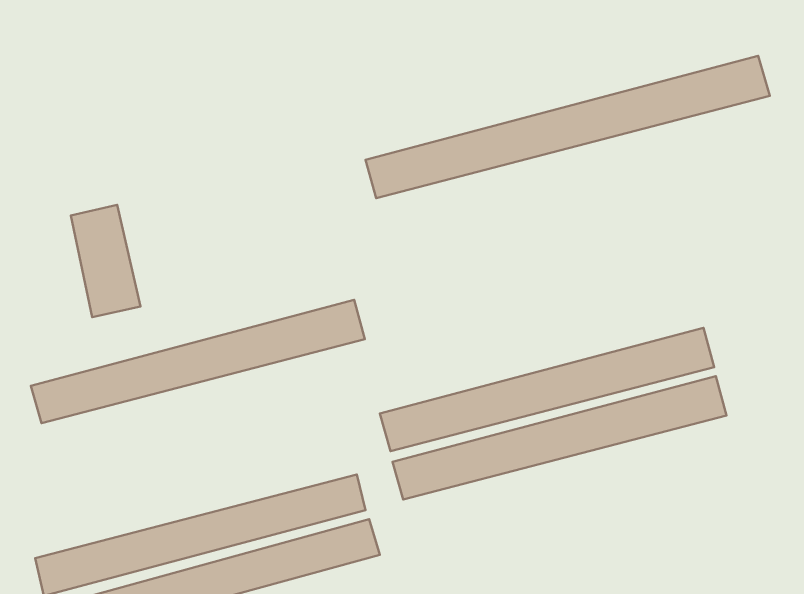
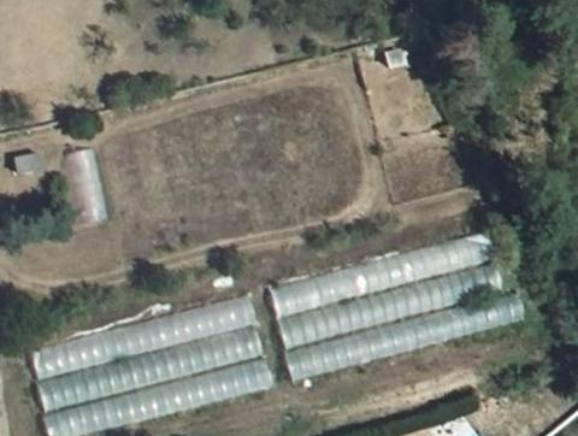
building: [366,56,770,198] -> none
building: [31,300,365,423] -> [30,296,255,379]
building: none -> [285,294,523,381]

